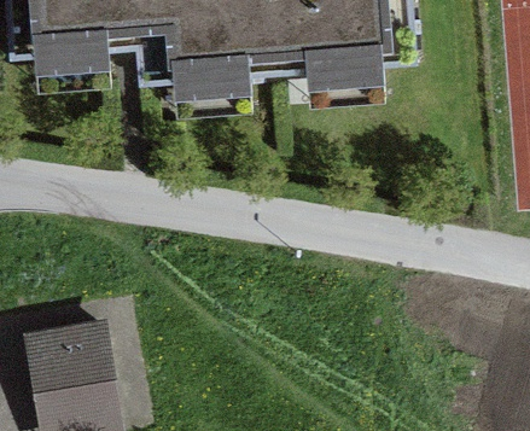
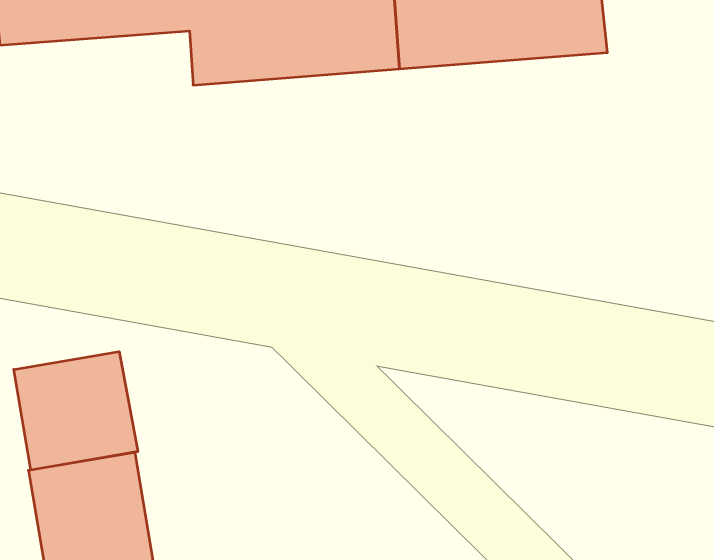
building: none -> [14,352,138,470]

